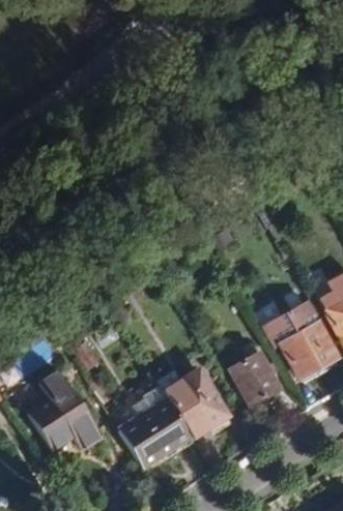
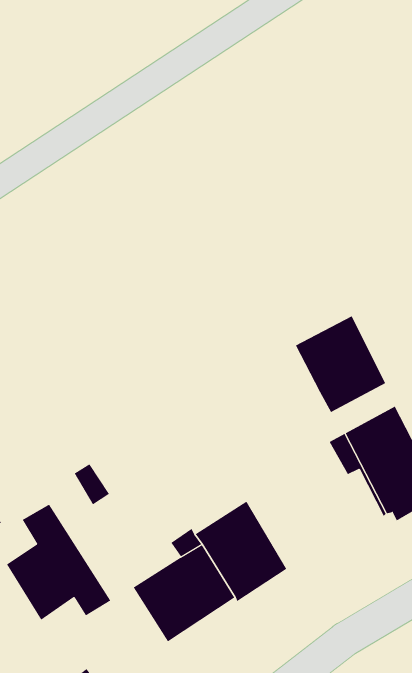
building: none -> [295,316,386,413]
building: [228,351,280,405] -> none

